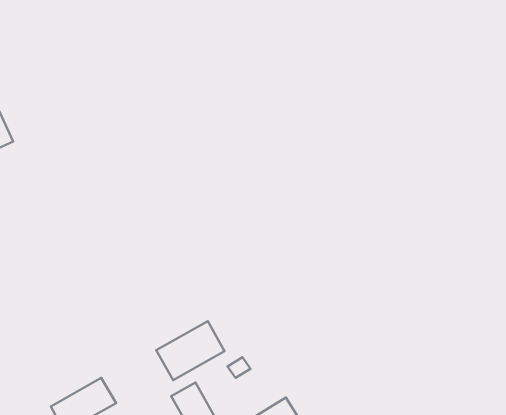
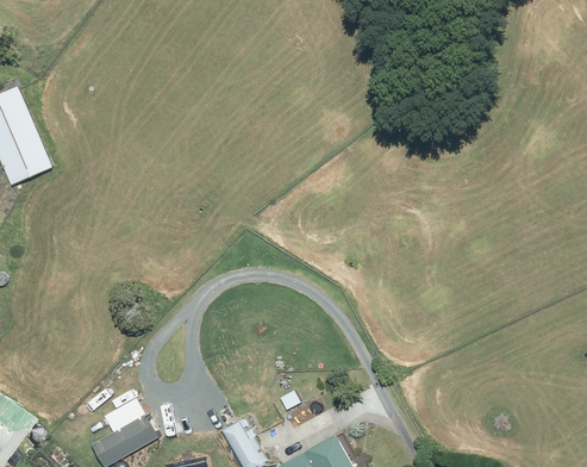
building: [156,321,225,380] -> none

